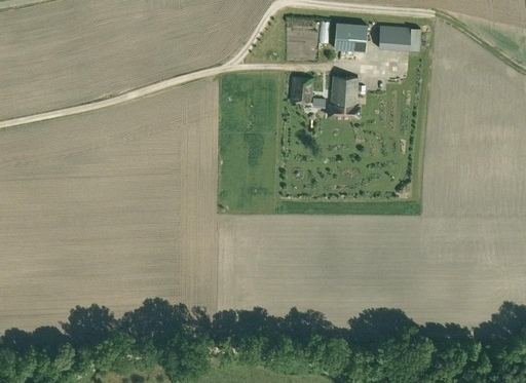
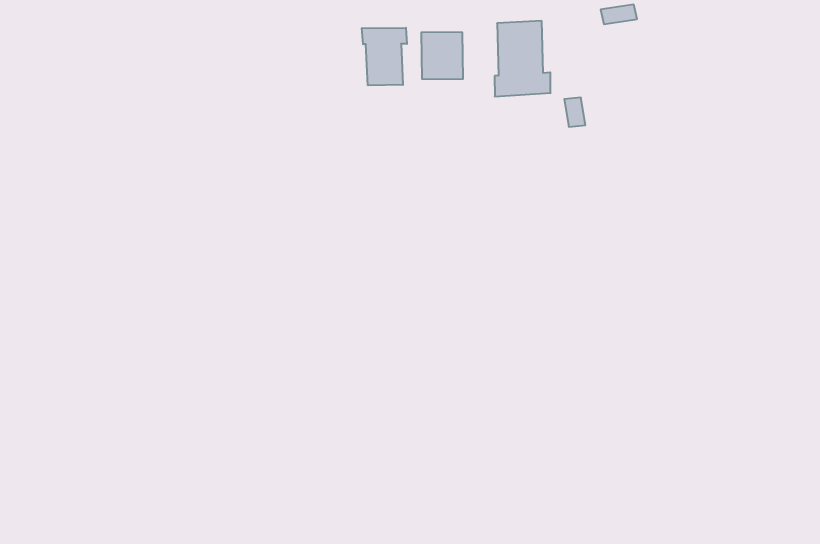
building: none -> [362,28,407,85]

